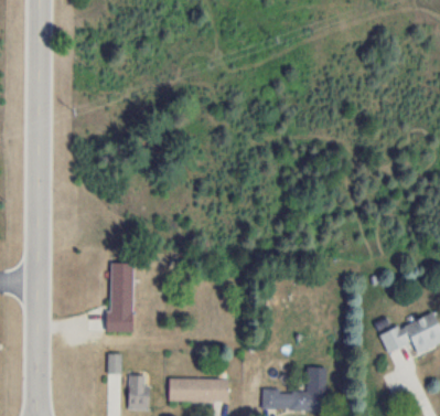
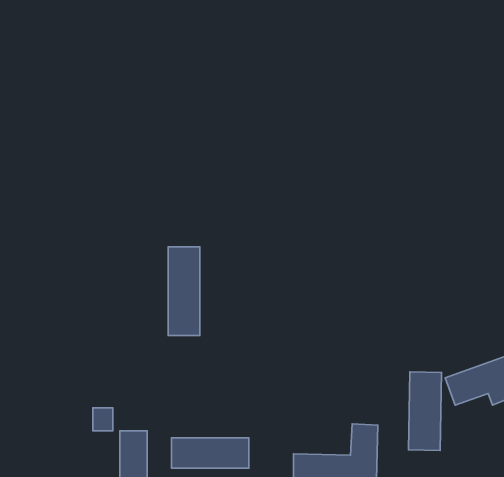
building: [108,264,132,332] -> [168,247,200,336]
building: none -> [409,372,442,450]

